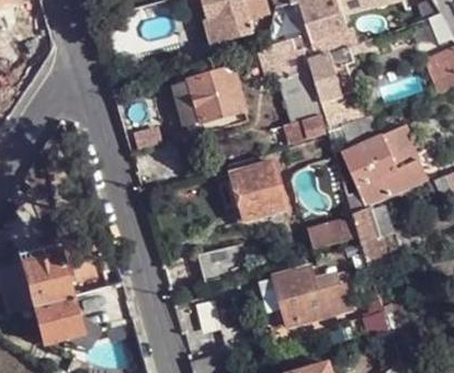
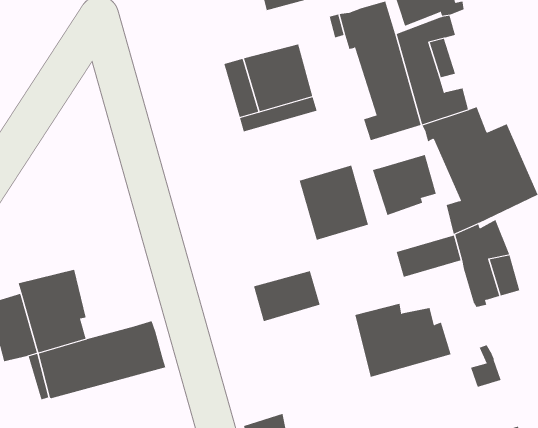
building: none -> [372,154,437,216]

